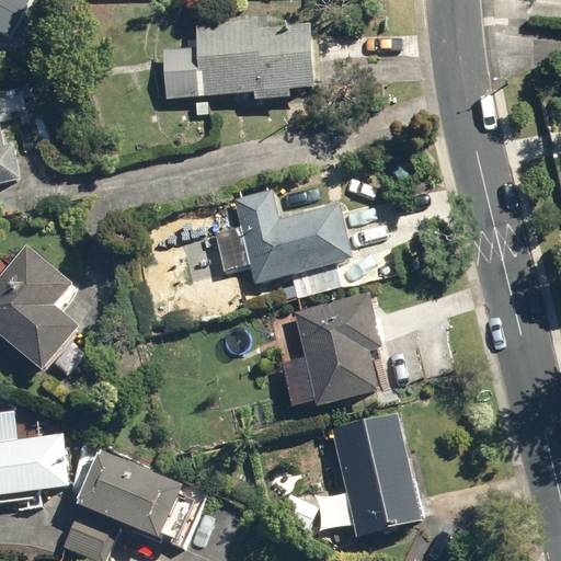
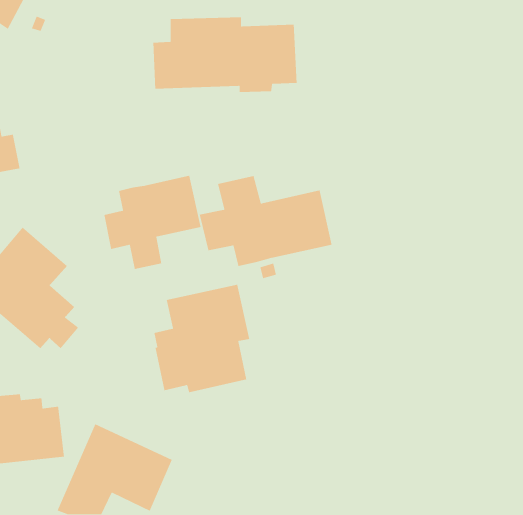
building: none -> [103,175,202,270]
building: [279,291,382,408] -> [154,284,250,393]
building: [330,411,423,539] -> none

